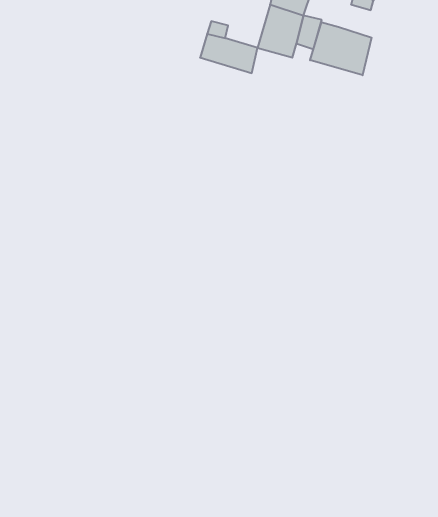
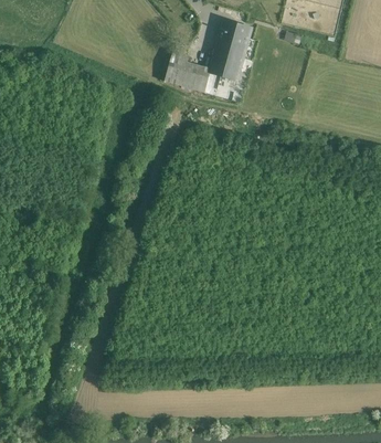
building: [310,22,372,75] -> none

